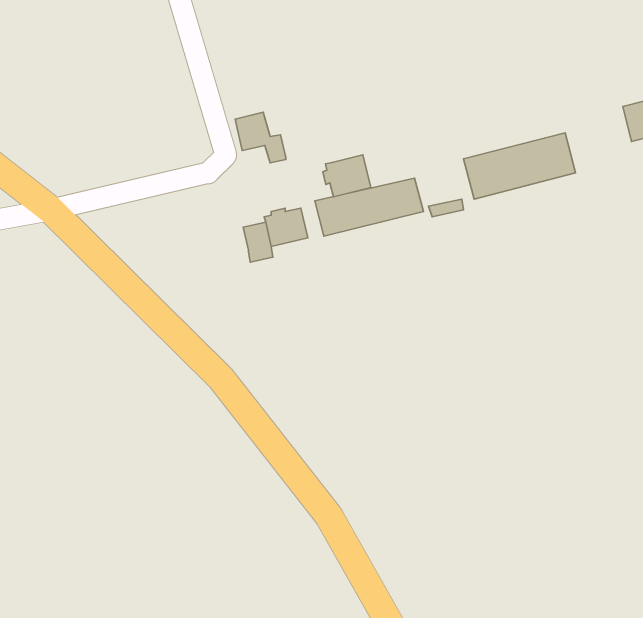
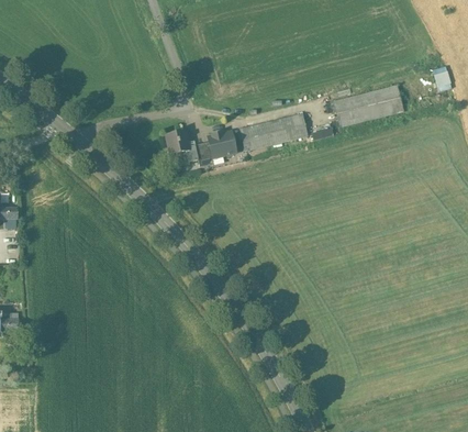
building: [235,112,286,163] -> [166,130,198,162]
building: [323,155,371,197] -> none

